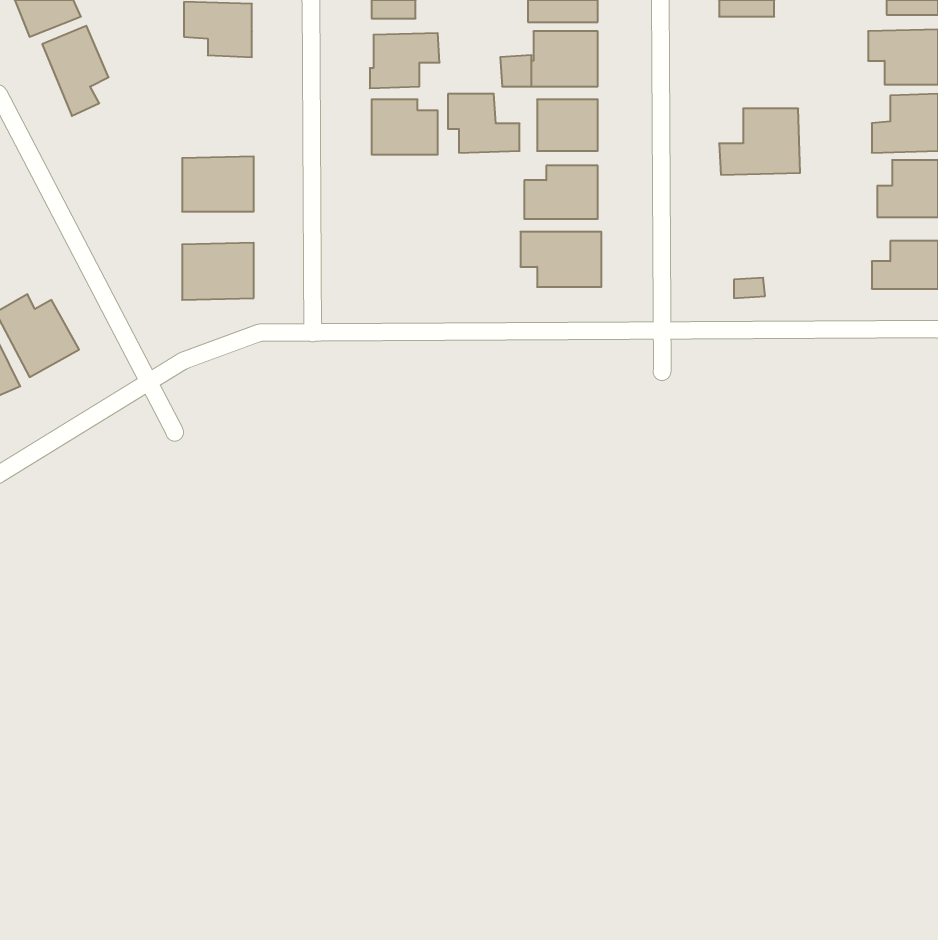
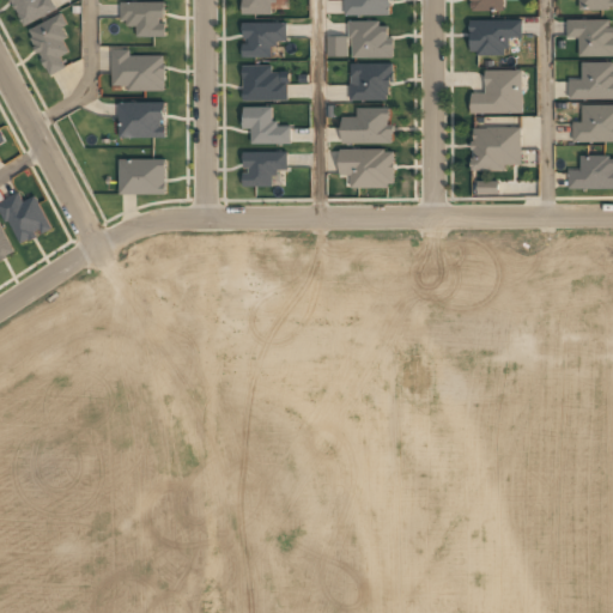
building: none -> [467,20,520,55]
building: none -> [110,49,164,91]
building: [448,94,520,153] -> [243,107,290,145]
building: none -> [471,128,518,168]
building: none -> [242,151,287,187]

